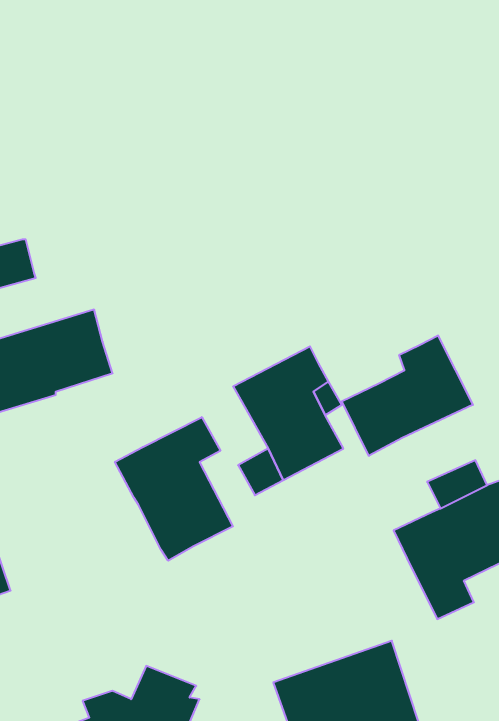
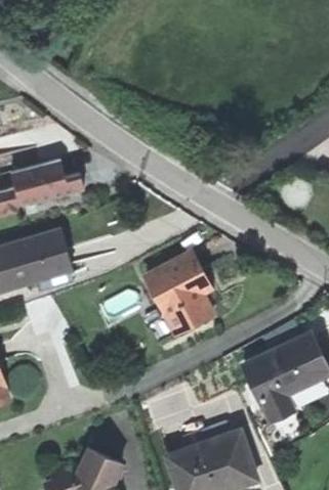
building: none -> [11,160,83,207]
building: [342,335,473,456] -> none
building: [115,417,233,561] -> none

